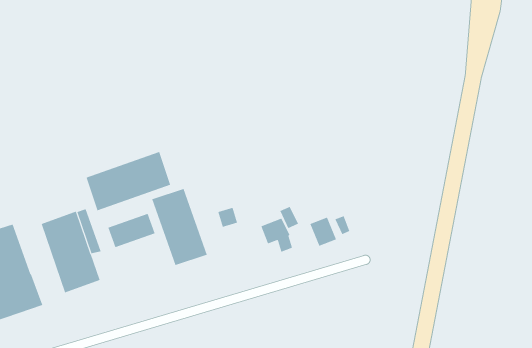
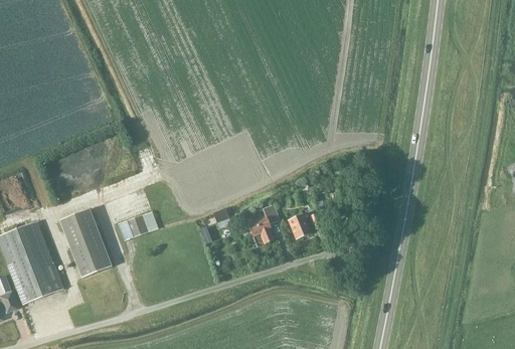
building: [86,151,171,211] -> none
building: [152,188,207,266] -> none

